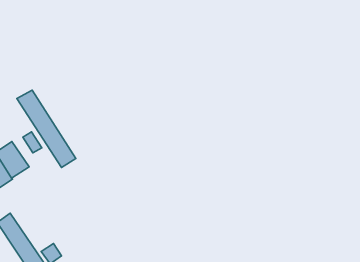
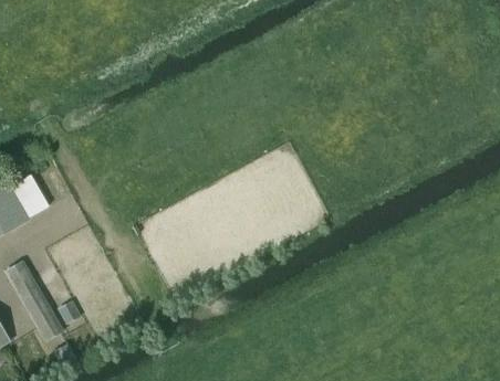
building: [17,90,76,167] -> none

